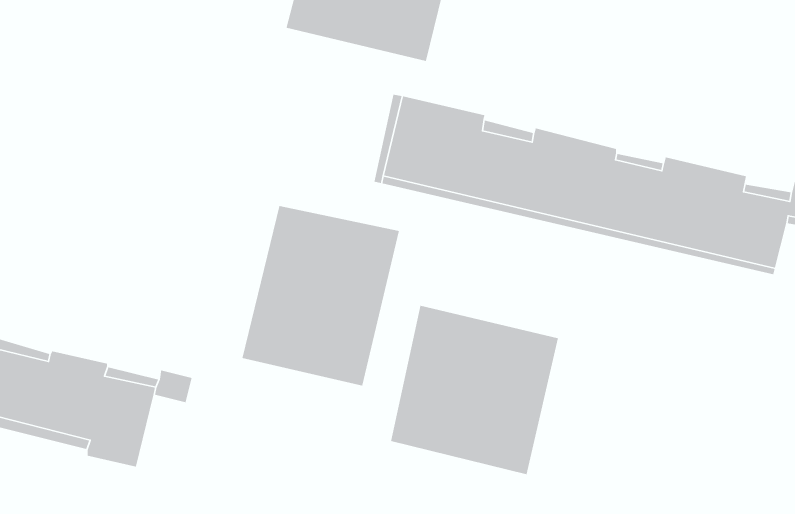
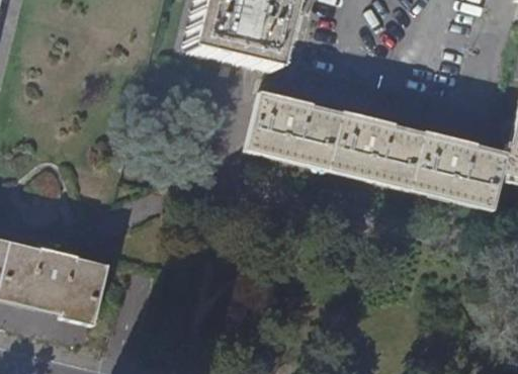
building: [241,205,400,386] -> none
building: [390,305,559,475] -> none

